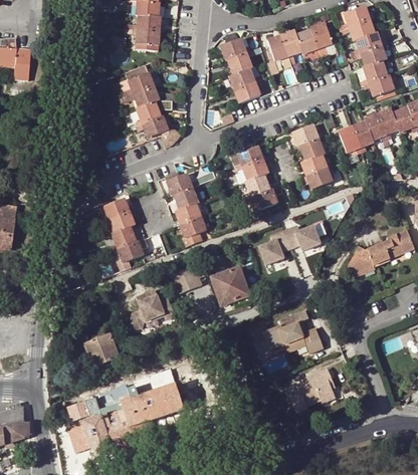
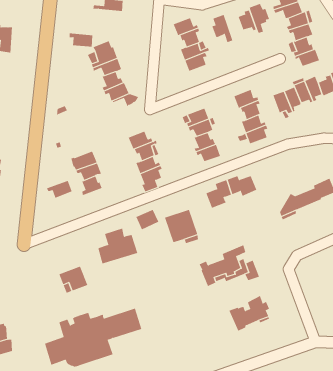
building: [131,28,160,45] -> [69,33,93,47]
building: [280,30,301,64] -> none
building: [112,240,143,262] -> [46,180,72,198]

